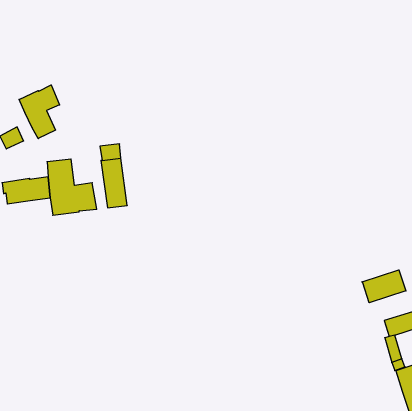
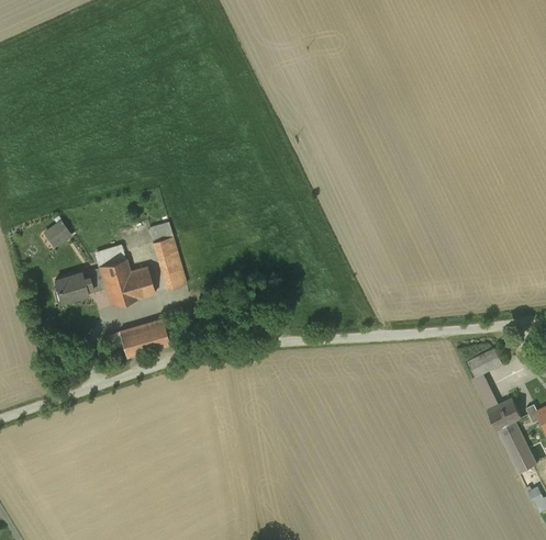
building: [19,85,60,139] -> none
building: none -> [120,320,170,358]
building: [362,270,406,303] -> none

